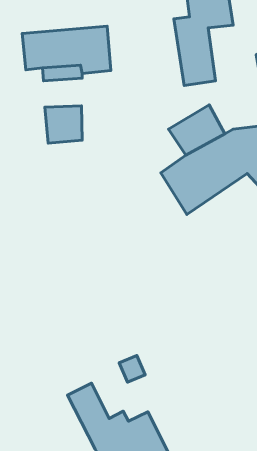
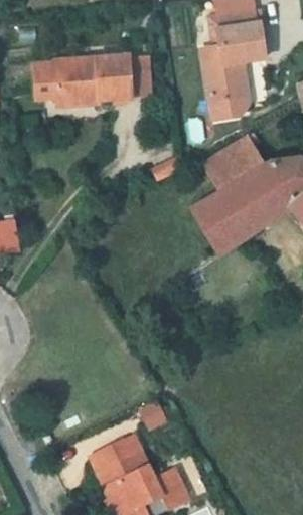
building: [45,106,82,143] -> none

